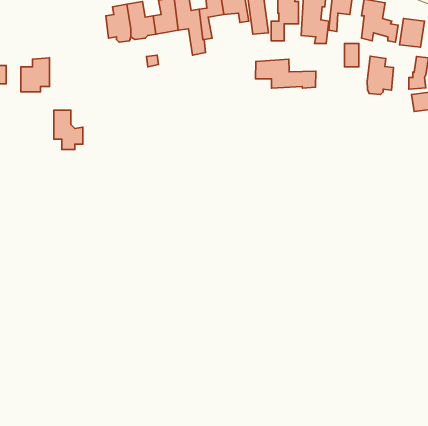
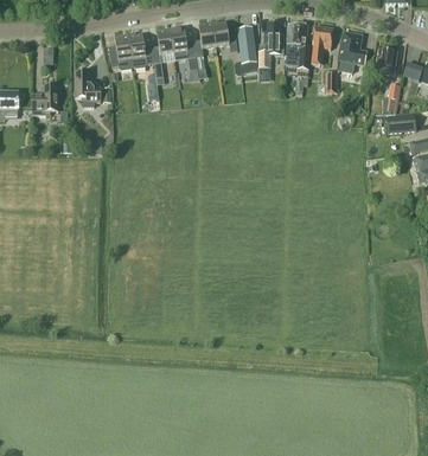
building: [367,56,393,95] -> none
building: [256,59,316,88] -> none
building: [54,110,83,150] -> [76,71,102,107]

